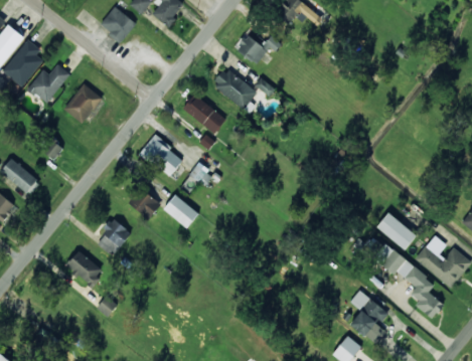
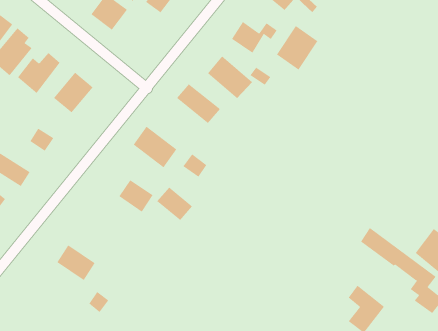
building: none -> [276,25,318,70]
building: [376,213,417,250] -> none
building: [96,219,132,257] -> none

